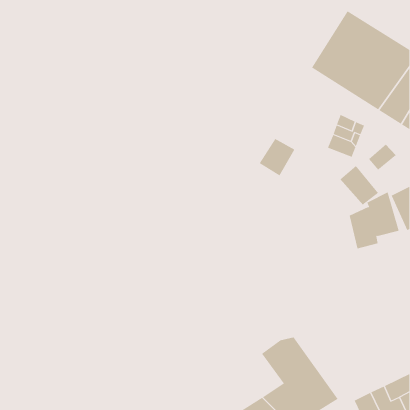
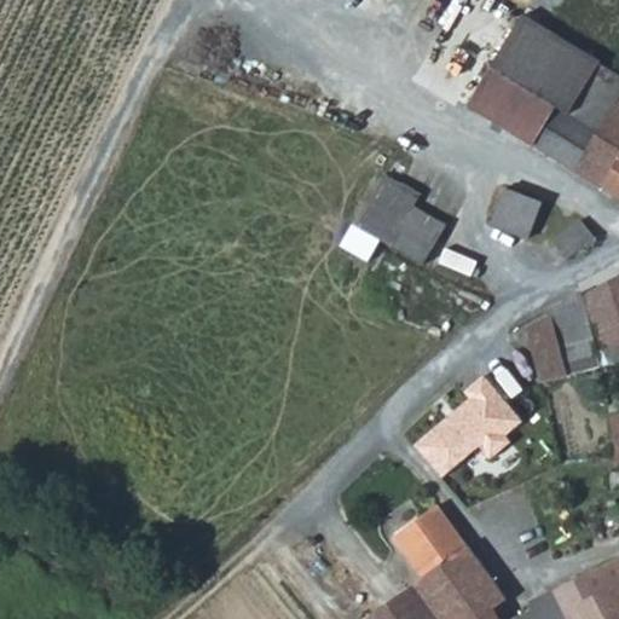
building: none -> [352,177,418,247]
building: [340,165,379,205] -> none
building: none -> [415,378,527,484]

